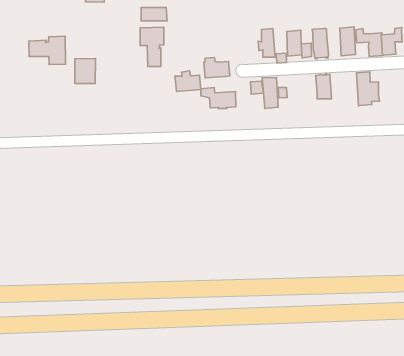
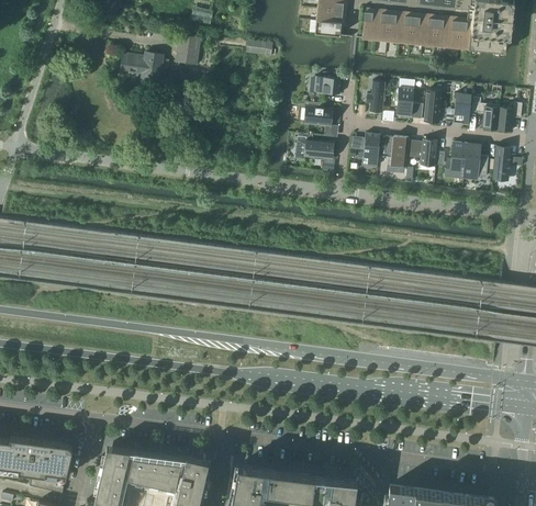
building: [140,27,164,67] -> none
building: [75,59,95,84] -> [175,35,201,65]
building: [175,71,201,91] -> [313,72,340,94]
building: none -> [492,147,510,181]
building: none -> [445,142,466,179]
building: none -> [390,136,409,167]

